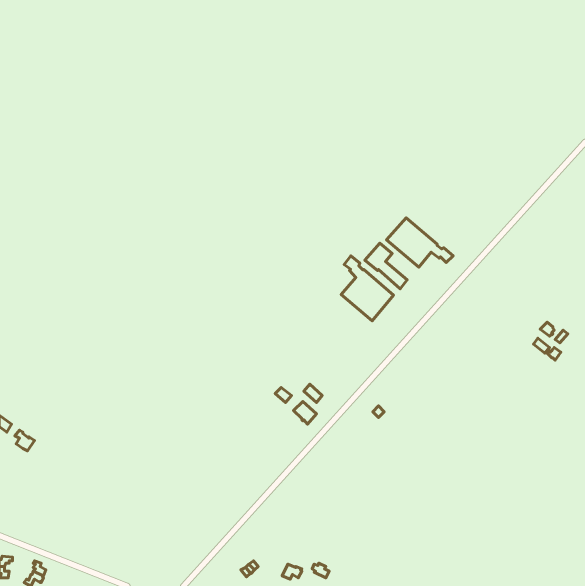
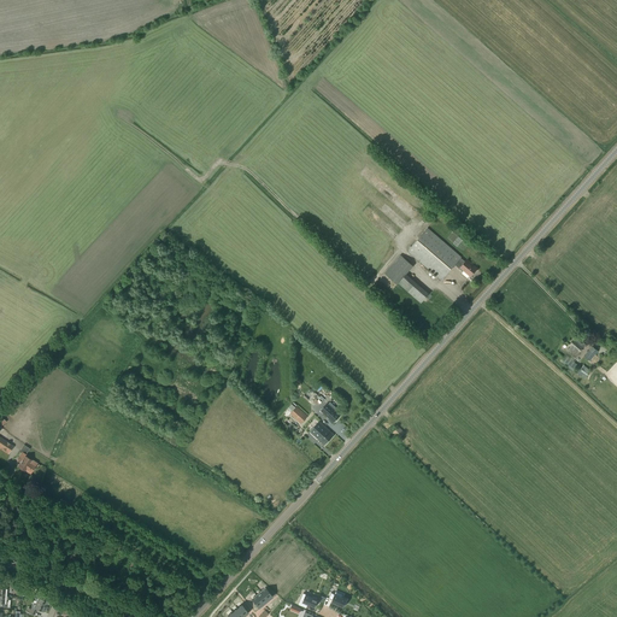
building: [341,256,393,321] -> none

